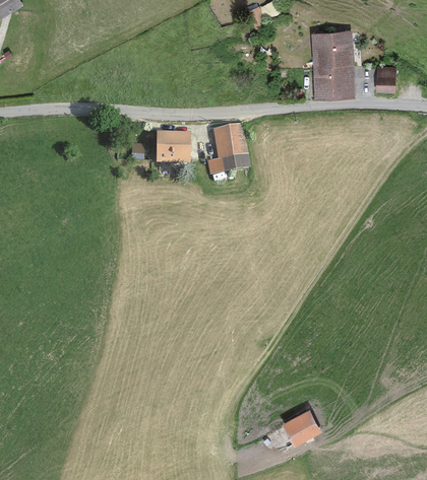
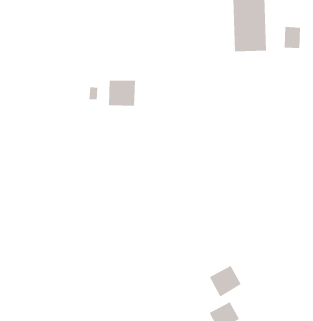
building: [206,126,250,176] -> none
building: none -> [209,265,242,297]

